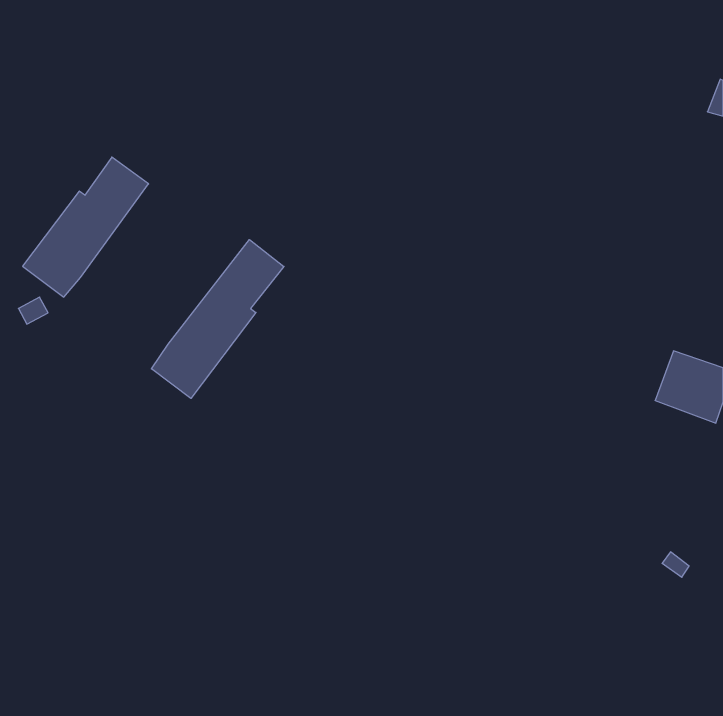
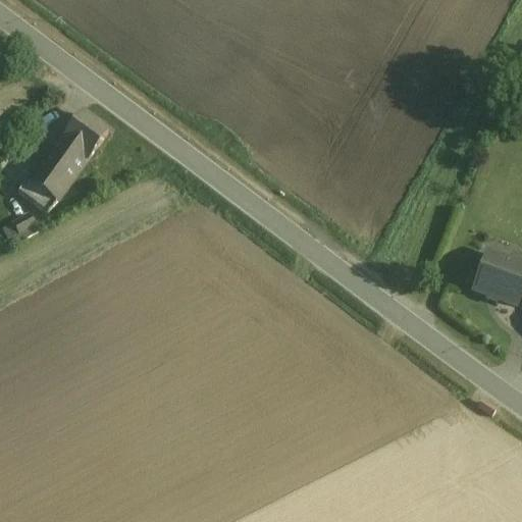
building: [151,240,284,398] -> none

